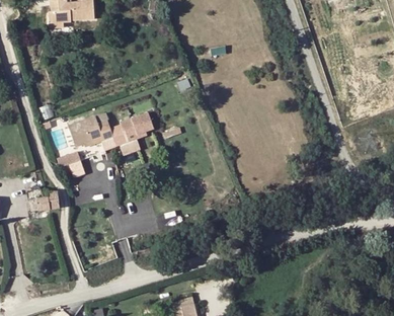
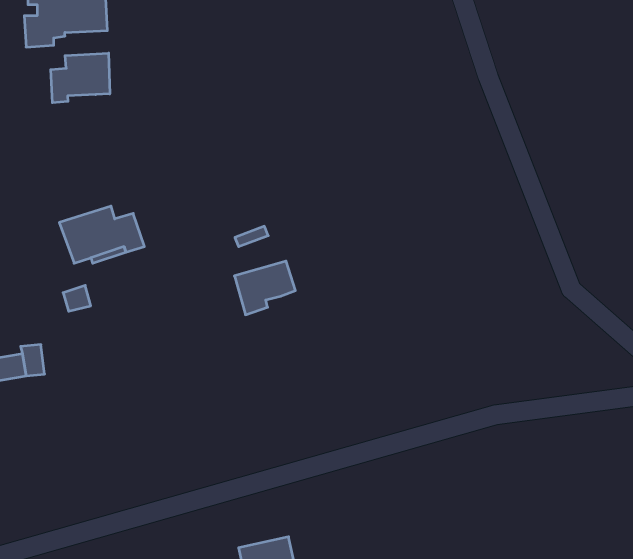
building: none -> [51,53,110,103]
building: [121,113,154,143] -> [234,261,295,315]

